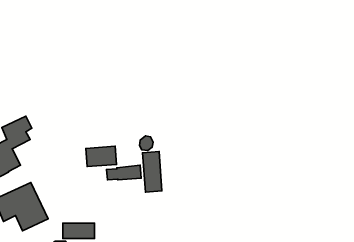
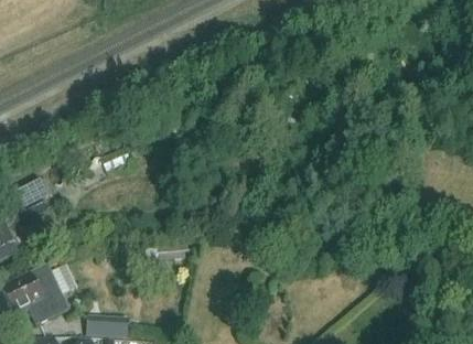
building: [86,146,116,167] -> none
building: [143,152,162,192] -> none

